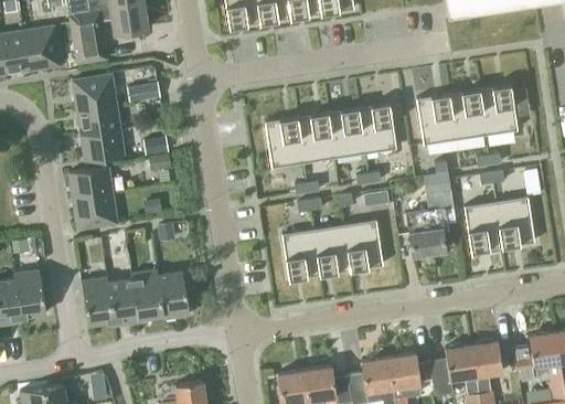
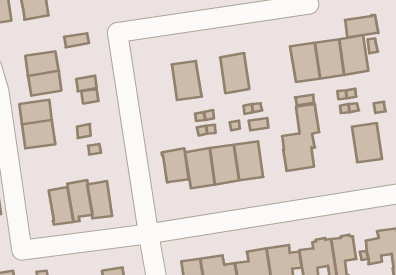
building: none -> [345,15,378,37]
building: [73,74,116,110] -> none
building: [358,103,396,152] -> none
building: [296,113,333,162] -> none
building: [465,201,502,252] -> none
building: none -> [162,148,189,182]
building: [81,277,114,325] -> none

